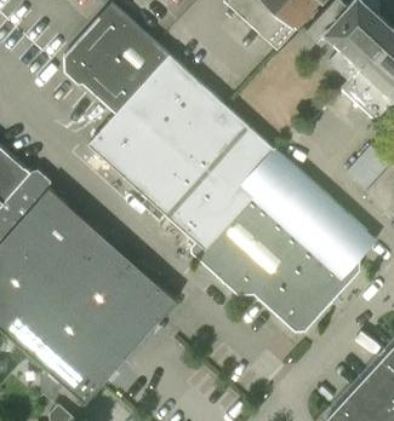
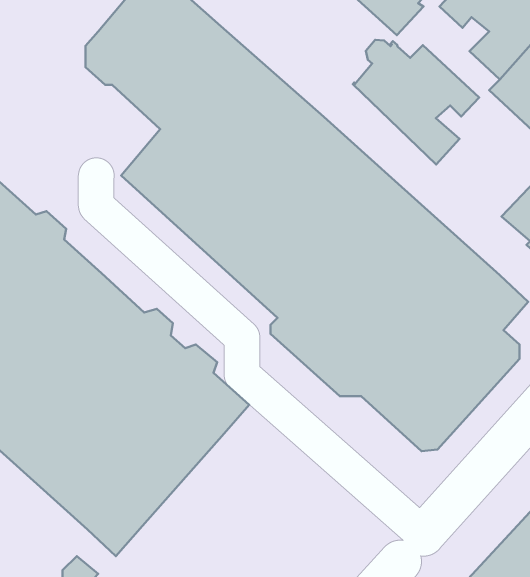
building: none -> [353,40,479,164]

